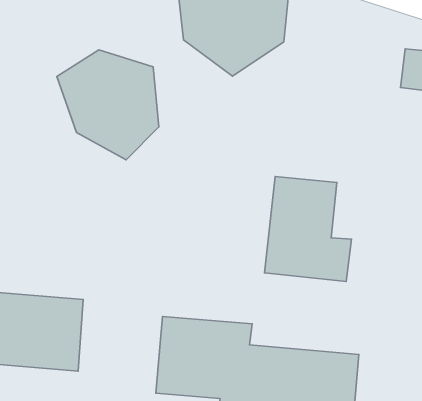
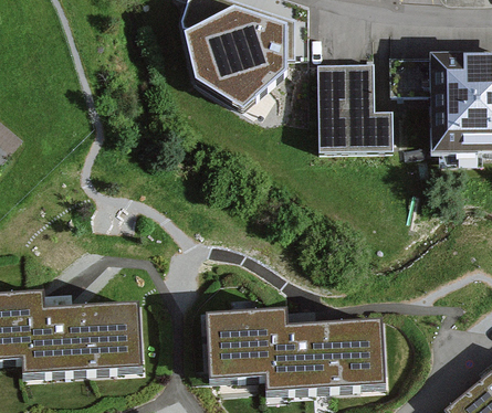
building: [57,50,159,160] -> none
building: [265,176,351,282] -> [318,60,391,146]

